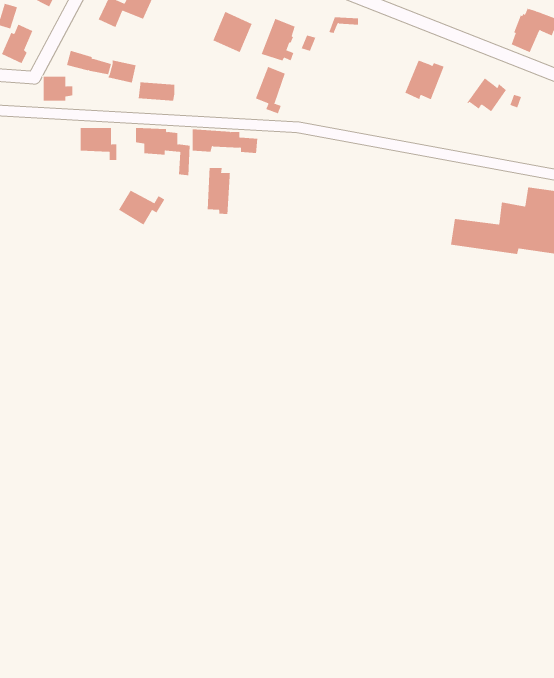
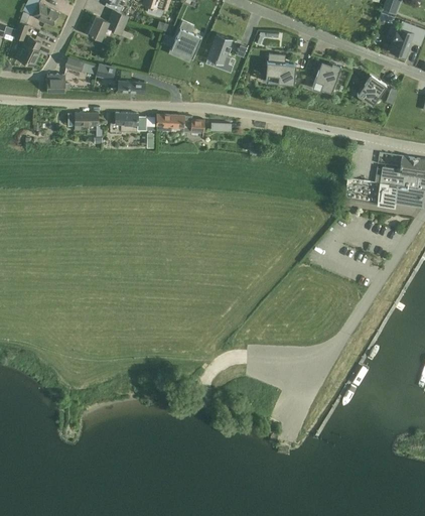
building: none -> [266,52,295,84]
building: [255,66,286,114] -> none
building: [207,167,230,215] -> none
building: [118,190,165,225] -> none

